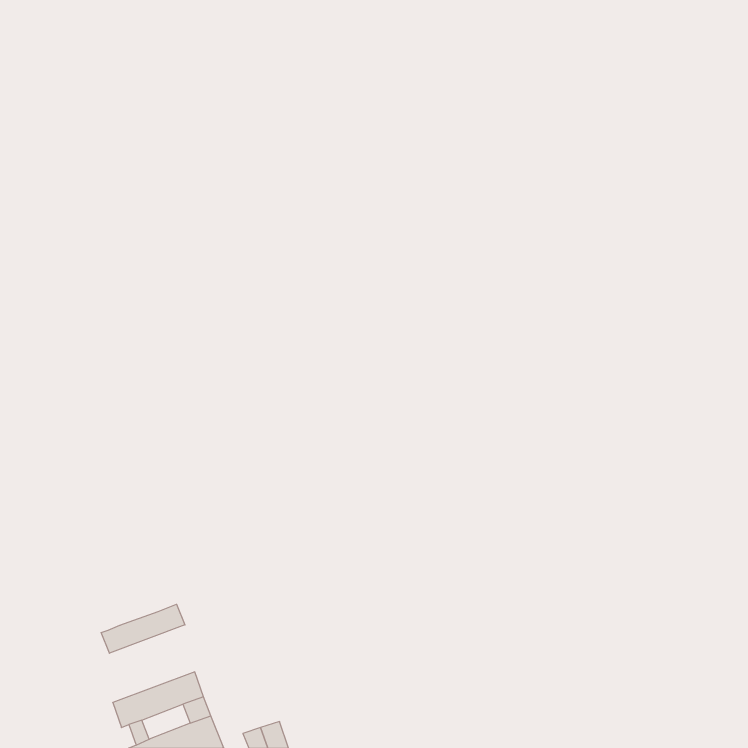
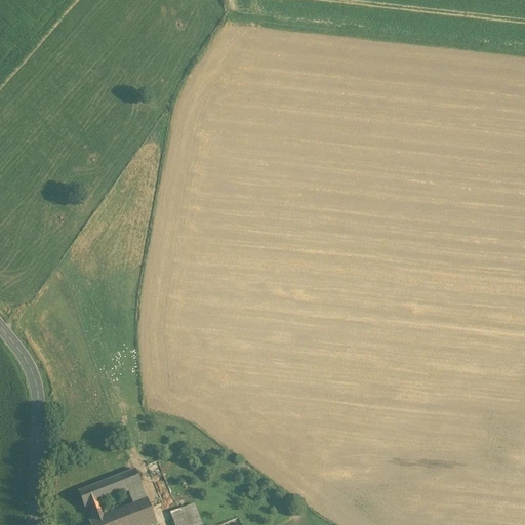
building: [101,604,185,653] -> none

